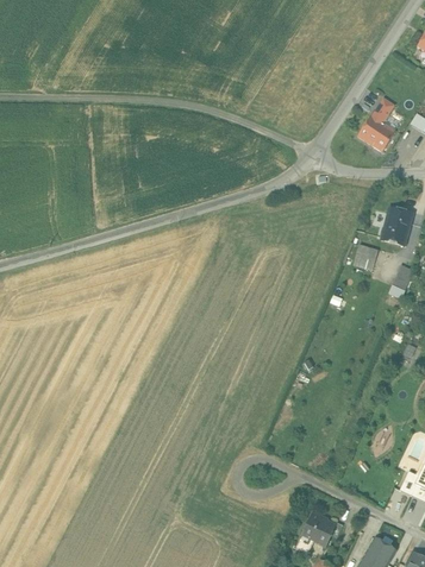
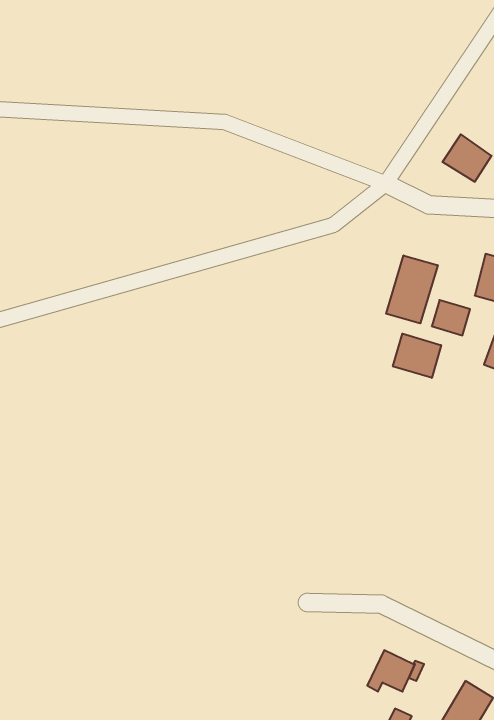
building: none -> [386,255,438,323]
building: none -> [393,334,441,378]

